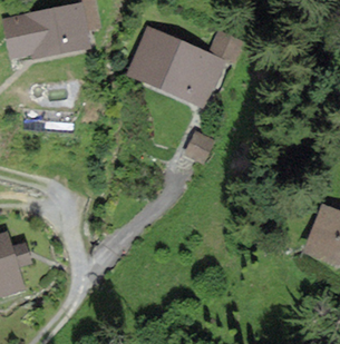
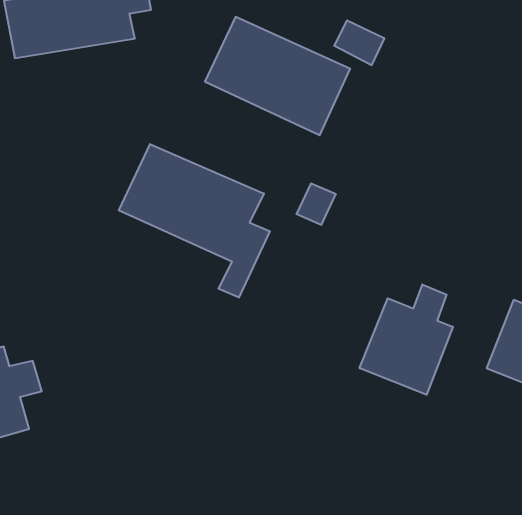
building: none -> [119,144,270,298]
building: none -> [360,284,453,395]

